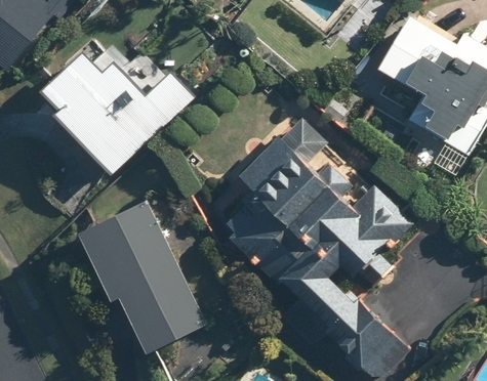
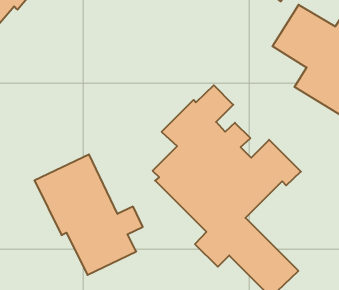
building: [42,51,181,173] -> none

